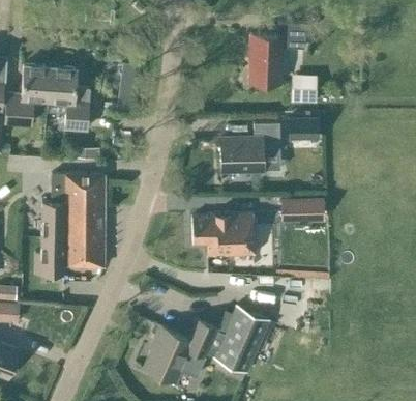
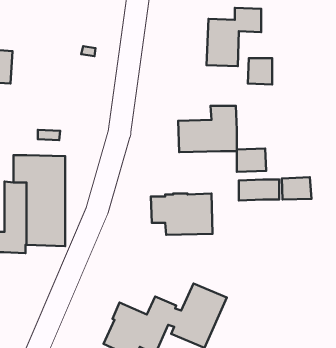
building: [49,67,90,128] -> none
building: [289,116,319,140] -> [237,149,266,172]
building: none -> [282,177,312,200]

